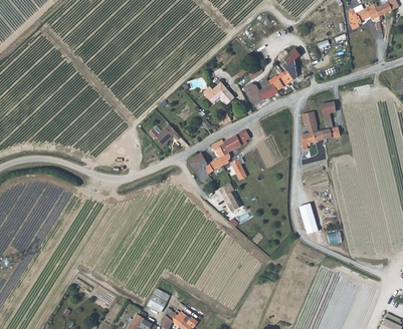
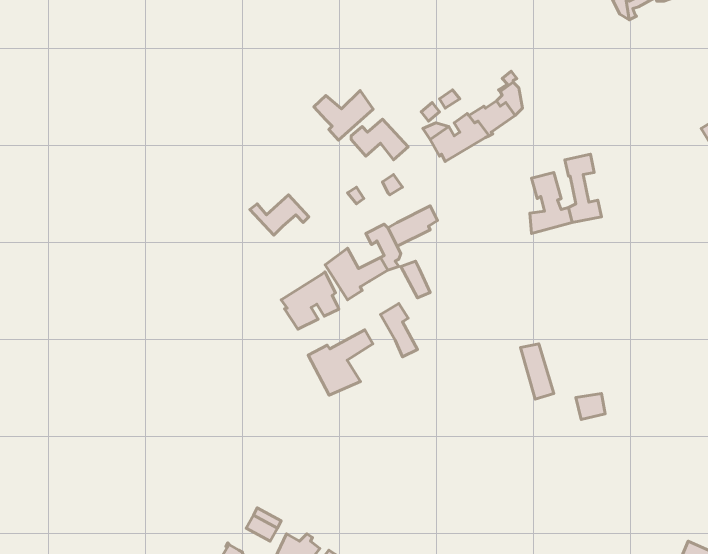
building: none -> [314,91,373,140]
building: none -> [281,272,339,329]
building: none -> [308,330,373,395]

